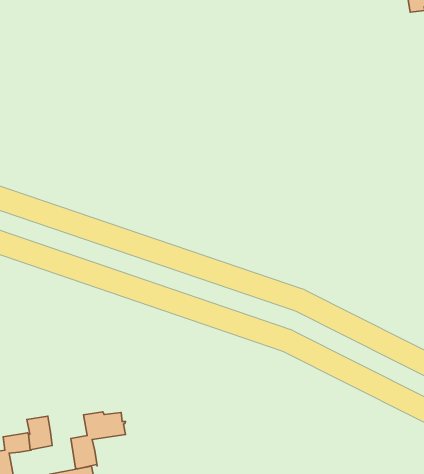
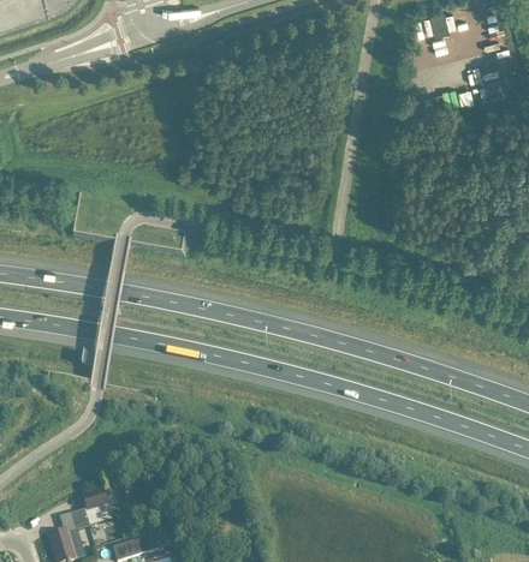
building: [71,412,125,469] -> none

